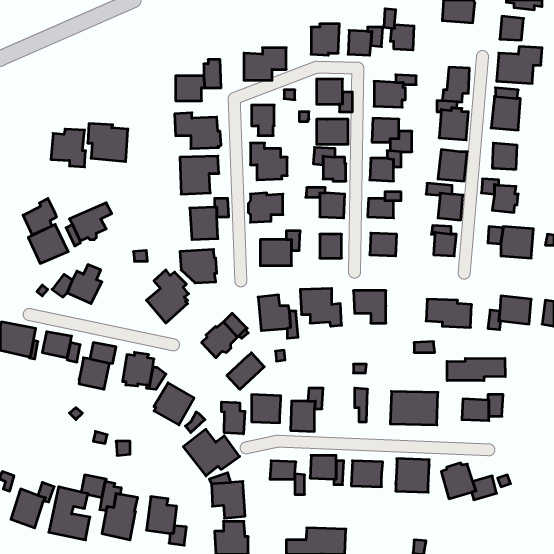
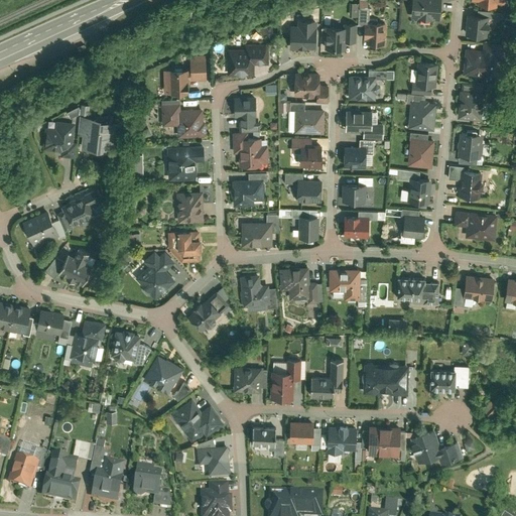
building: [23,198,56,235] -> none
building: [227,353,264,389] -> none
building: [447,358,505,381] -> none
building: [222,402,245,434] -> none
building: none -> [310,378,334,398]

